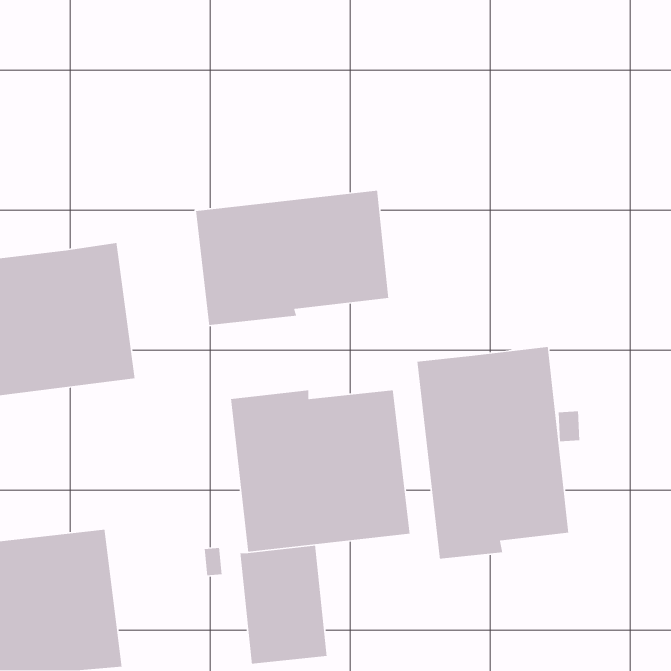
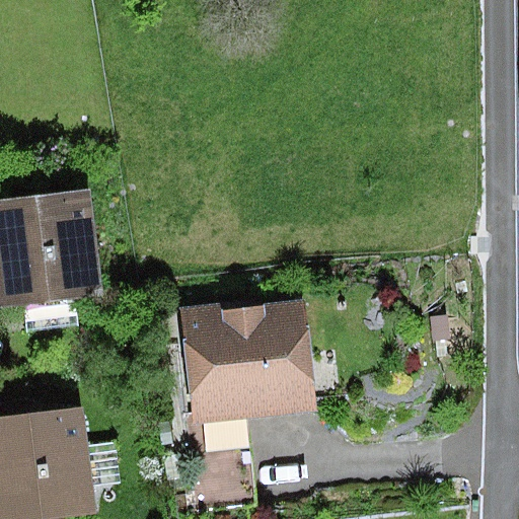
building: [195,190,389,326] -> none
building: [416,346,569,560] -> none

